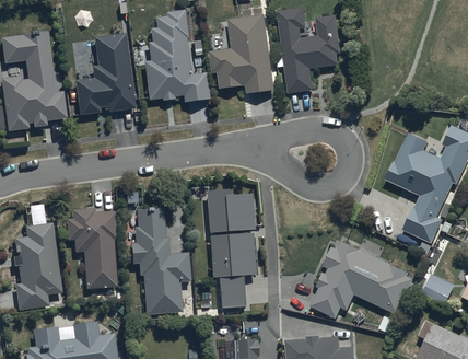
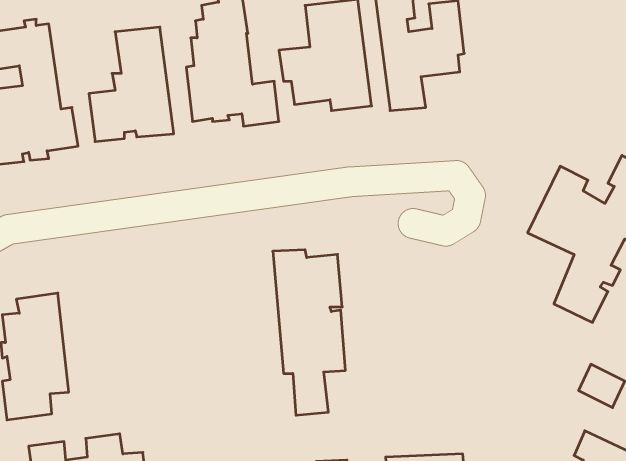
building: [130,206,190,315] -> none
building: [67,209,118,289] -> none
building: [311,240,413,317] -> none

